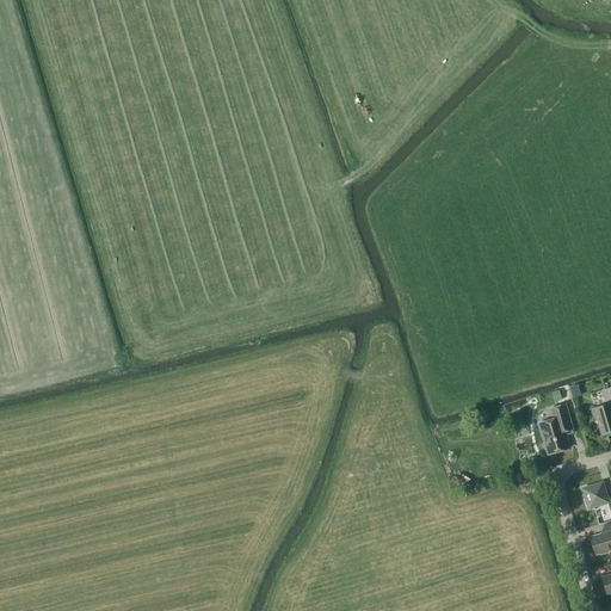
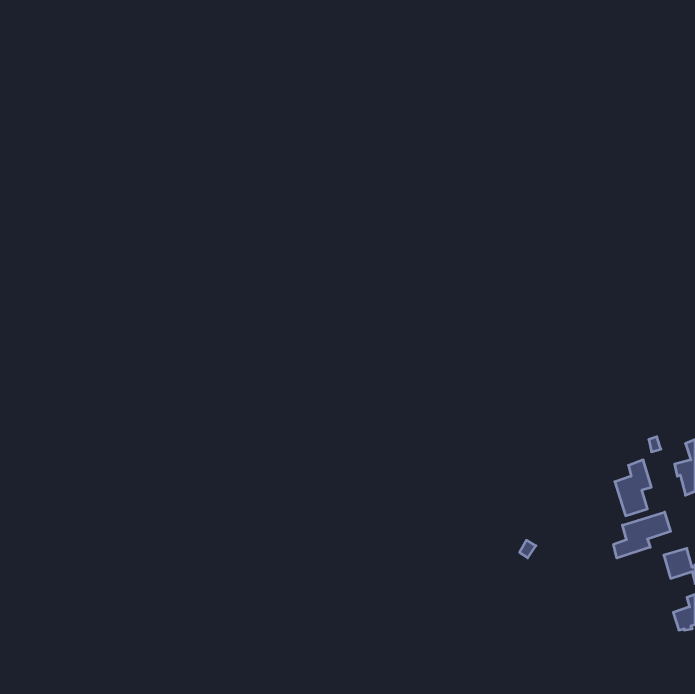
building: none -> [614,512,671,558]

